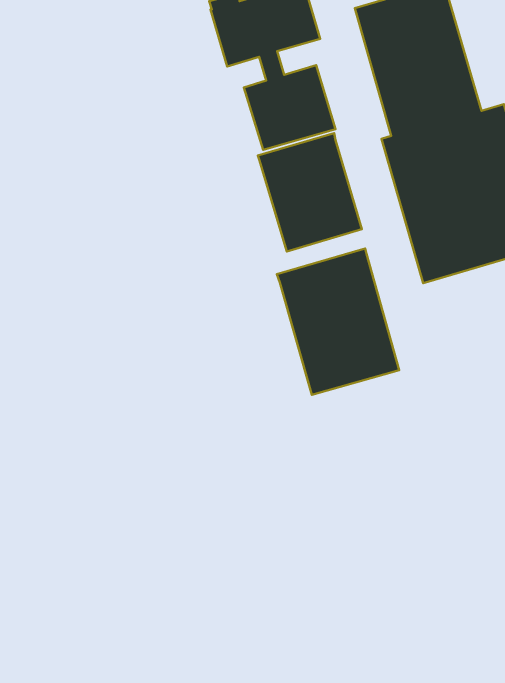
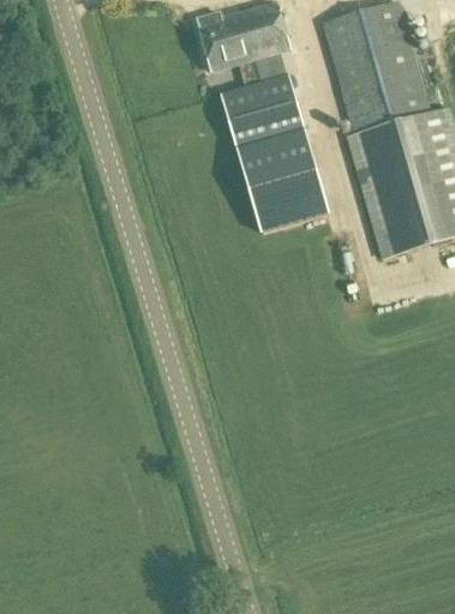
building: [277,248,399,395] -> none

